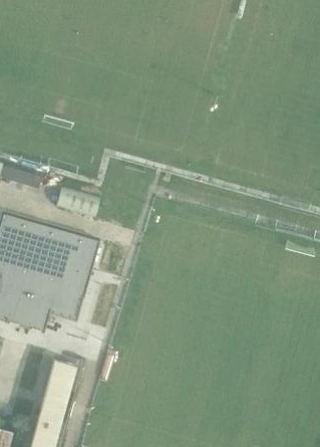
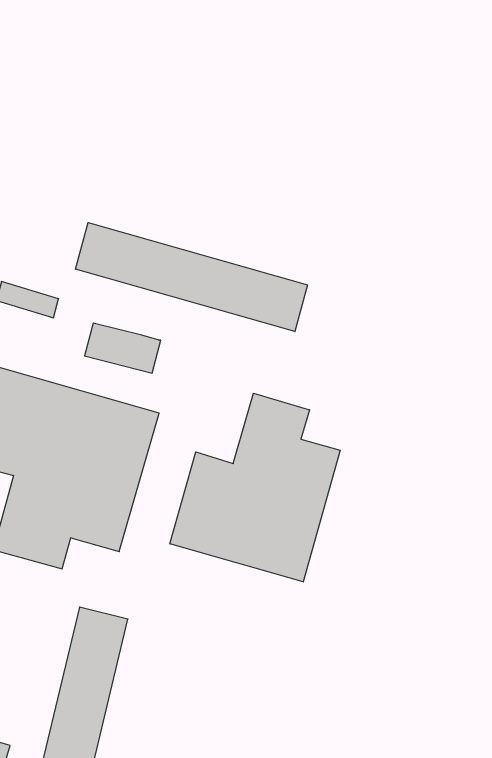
building: none -> [75,223,308,332]
building: none -> [170,393,340,582]

